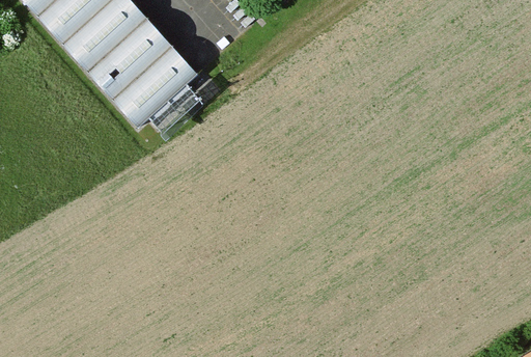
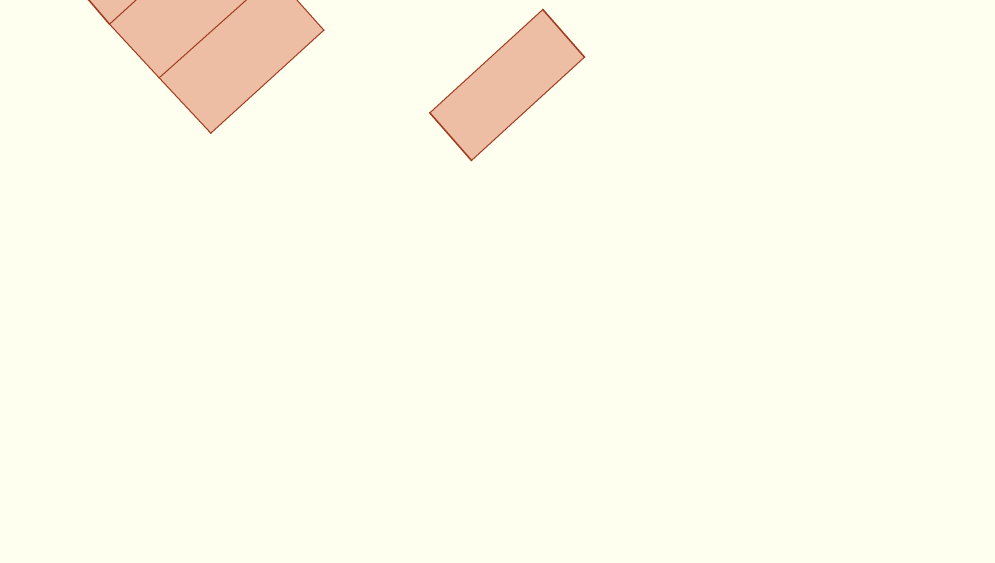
building: [111,44,192,122] -> [430,10,585,160]

